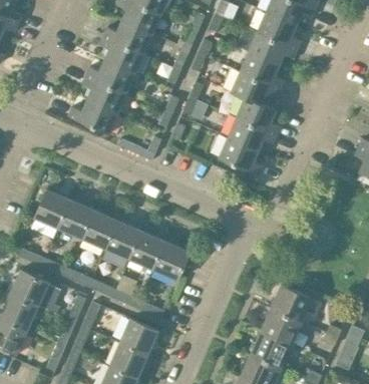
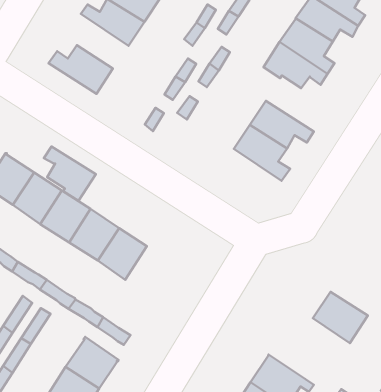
building: [81,75,125,112] -> none
building: [236,96,280,134] -> none
building: none -> [44,146,96,201]
building: [152,242,190,281] -> none
building: [270,286,311,322] -> [313,292,368,343]

